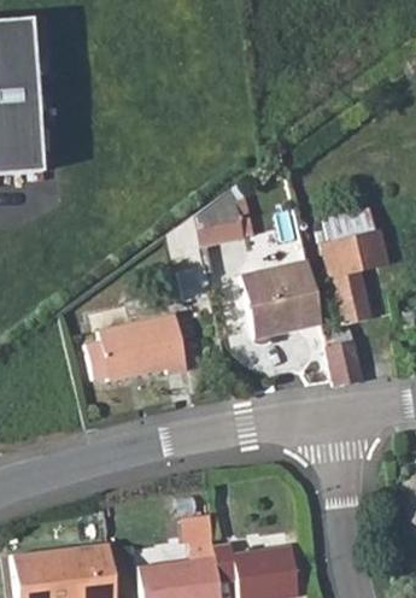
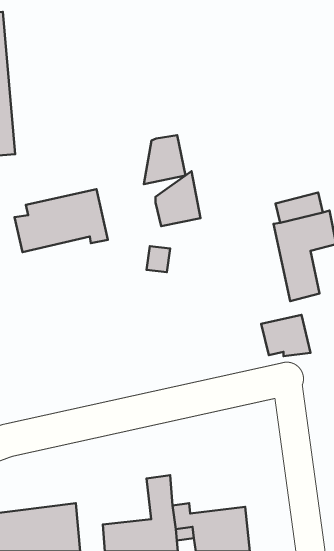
building: none -> [144,135,185,184]
building: [240,262,322,339] -> none
building: [87,316,187,383] -> [15,189,108,252]

